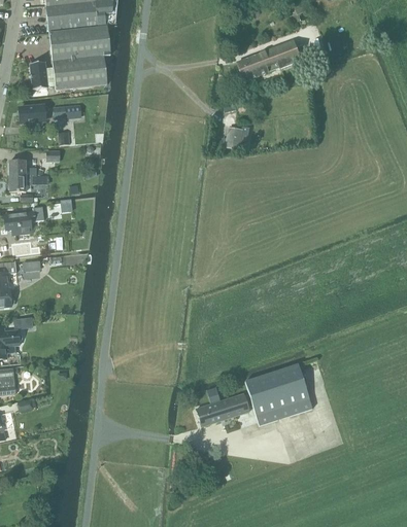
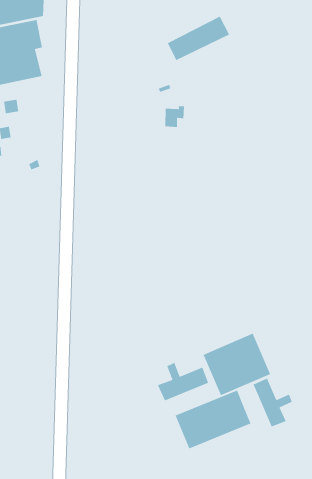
building: none -> [252,378,293,428]
building: none -> [175,389,252,450]

